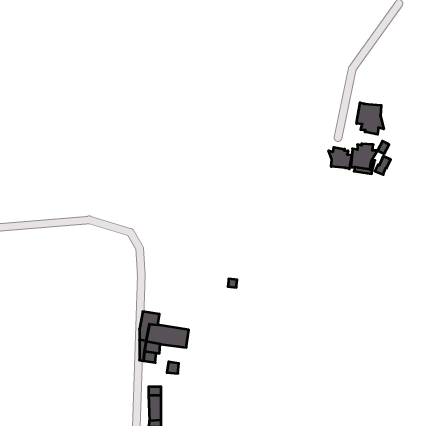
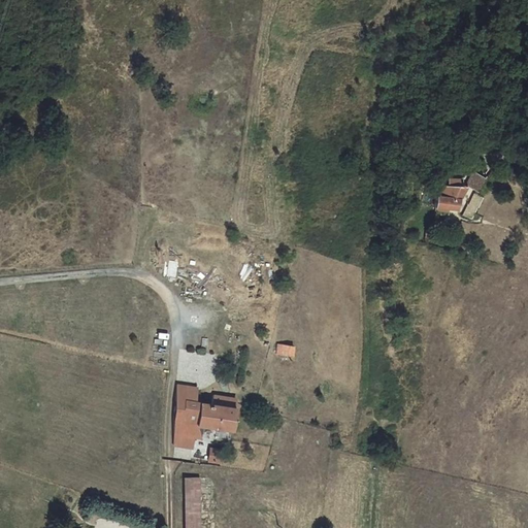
building: [357,103,384,134] -> none
building: [329,147,352,169] -> none

